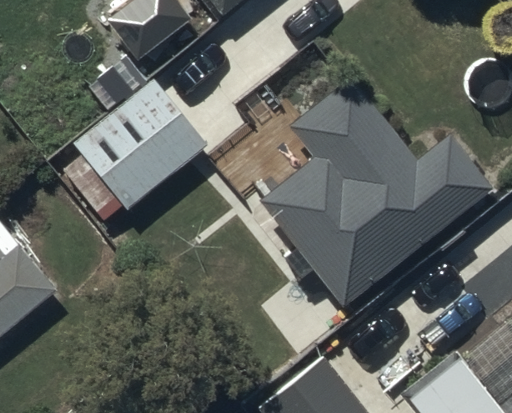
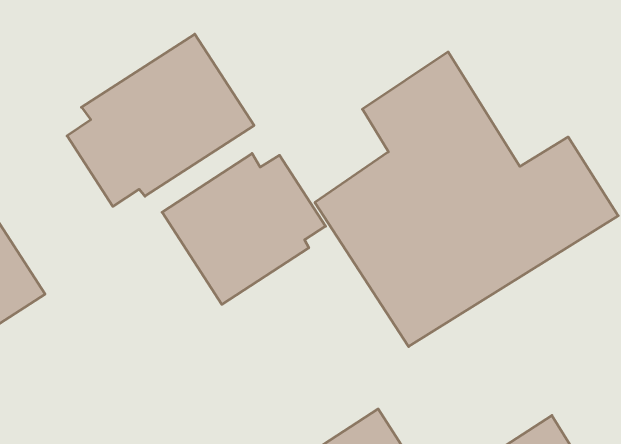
building: none -> [162,153,326,304]

